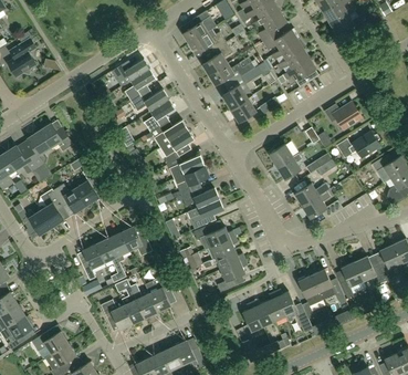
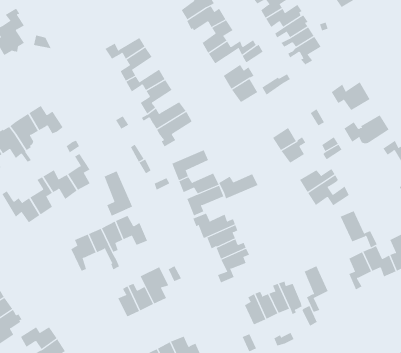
building: [168,155,206,179] -> [218,173,258,199]
building: none -> [104,170,133,217]
building: [312,270,347,305] -> [340,211,377,248]
building: [101,301,133,330] -> none

